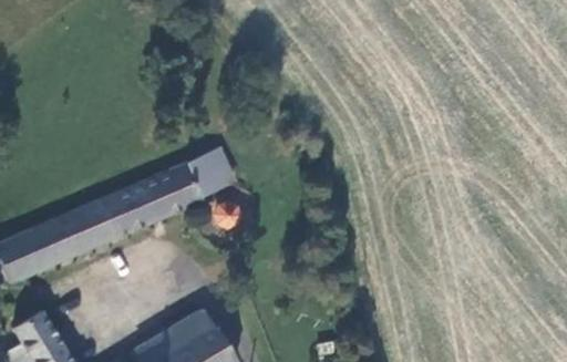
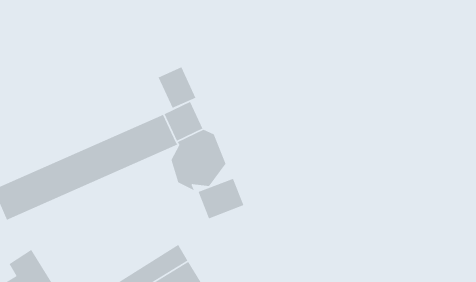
building: none -> [157,66,197,109]
building: none -> [197,178,244,219]

